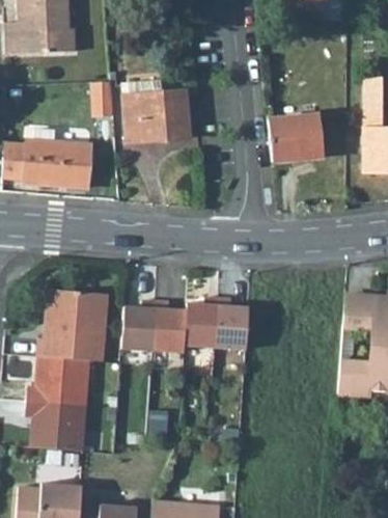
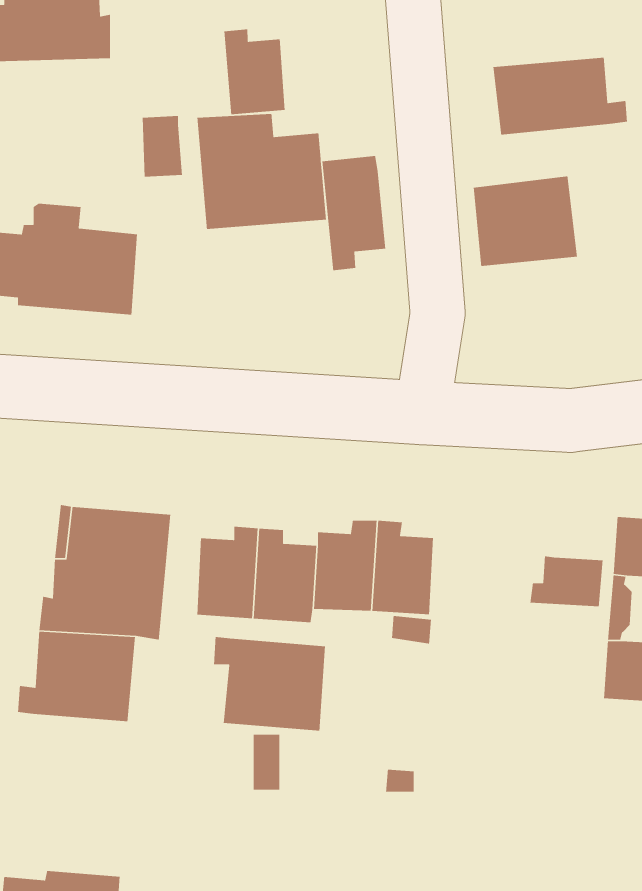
building: none -> [224,28,285,115]
building: none -> [493,57,628,135]
building: none -> [322,155,386,271]
building: none -> [530,556,604,607]
building: [25,400,85,451] -> [213,636,326,731]

